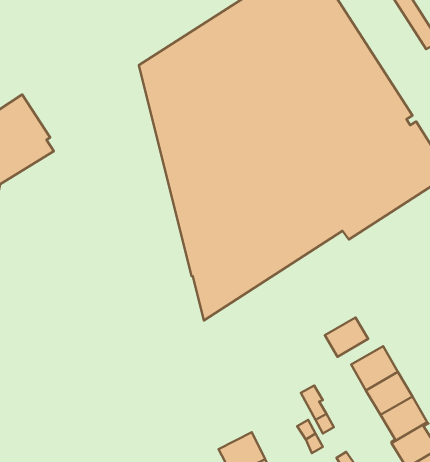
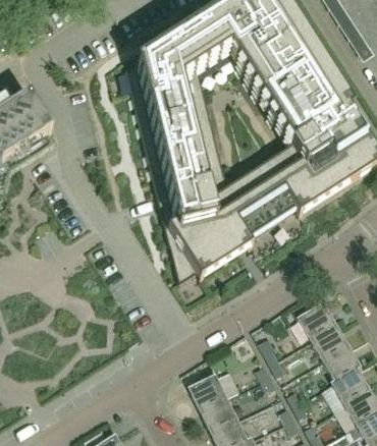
building: [325,318,368,357] -> none

